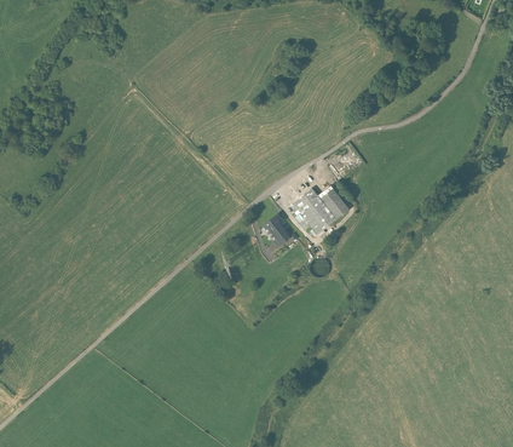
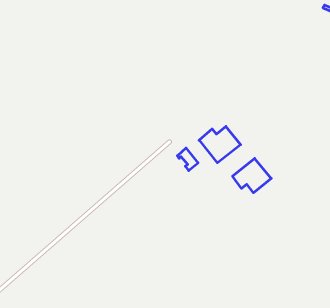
building: none -> [233,158,271,193]

